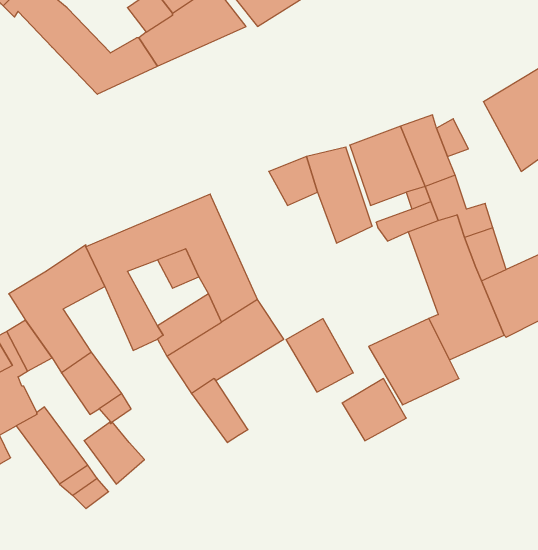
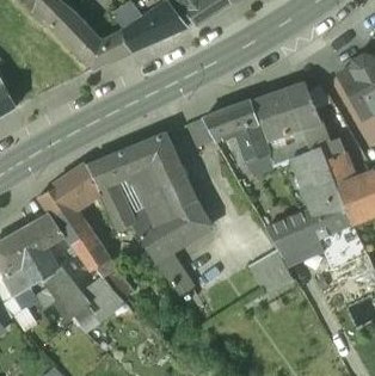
building: [286,319,353,392] -> none

